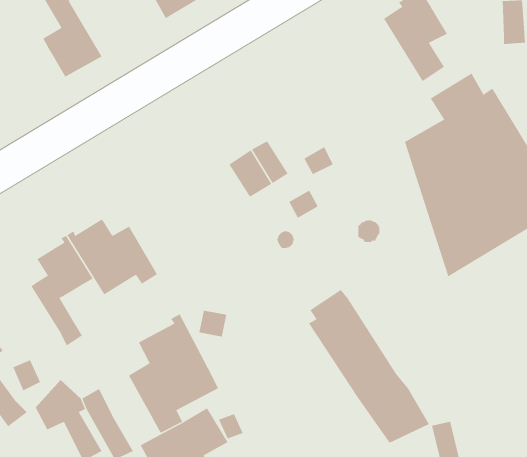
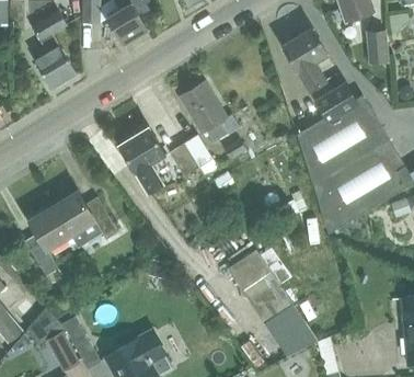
building: none -> [179,80,239,142]
building: none -> [117,126,164,192]
building: [128,313,219,434] -> none

